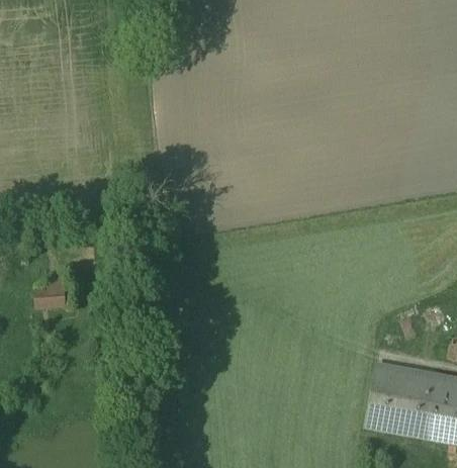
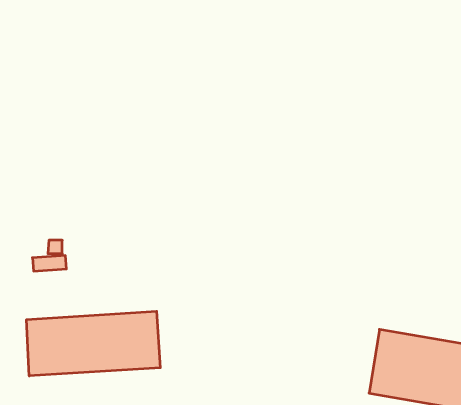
building: none -> [27,311,160,376]

